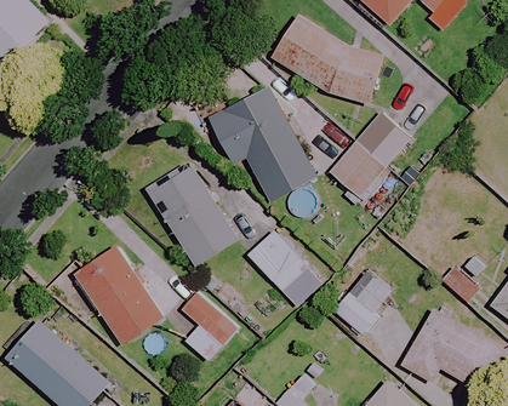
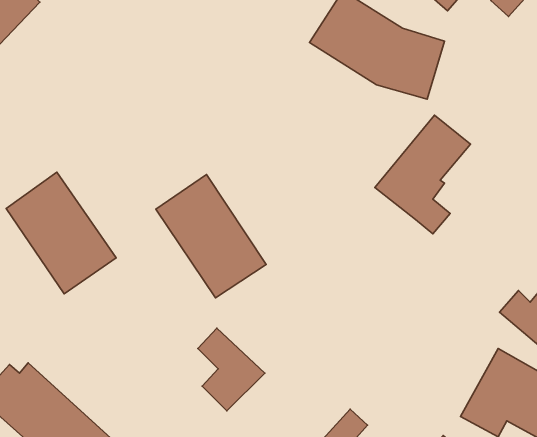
building: [209,85,316,201] -> none
building: [247,230,310,295] -> none
building: [74,244,166,345] -> [6,172,116,294]
building: [332,275,396,334] -> none

